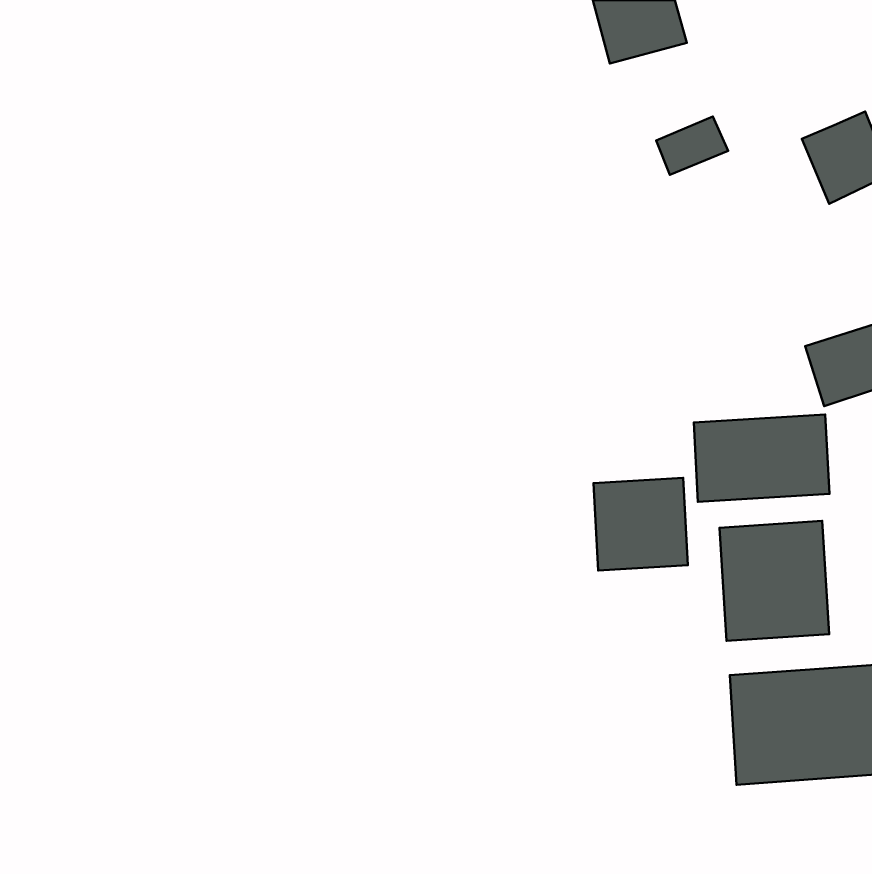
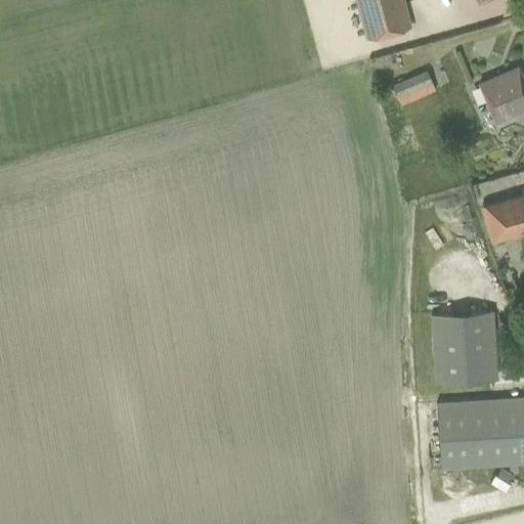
building: [694,414,829,502] -> none
building: [593,478,688,571] -> none

